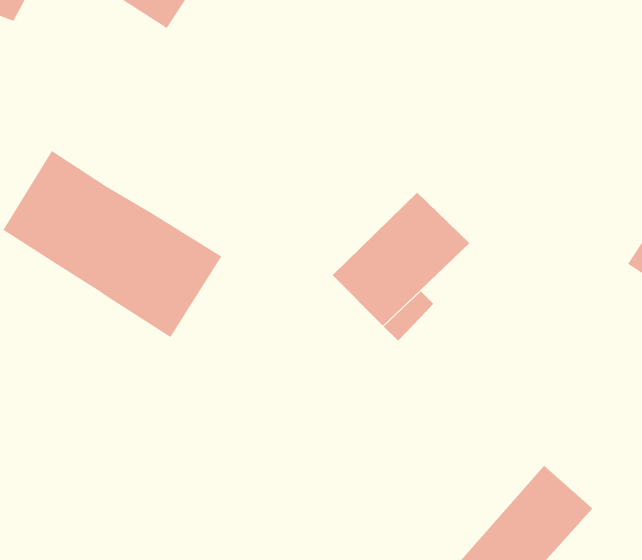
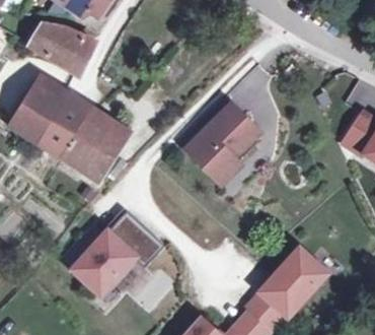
building: none -> [31,25,94,75]
building: none -> [73,210,165,293]

